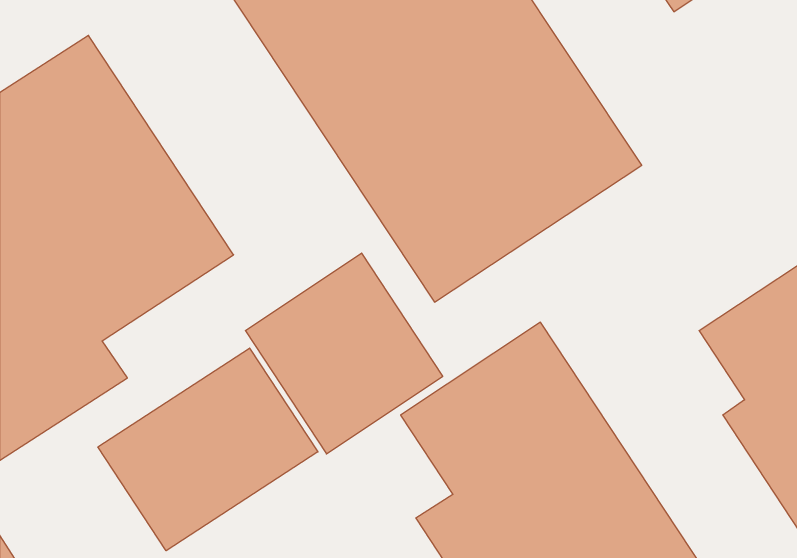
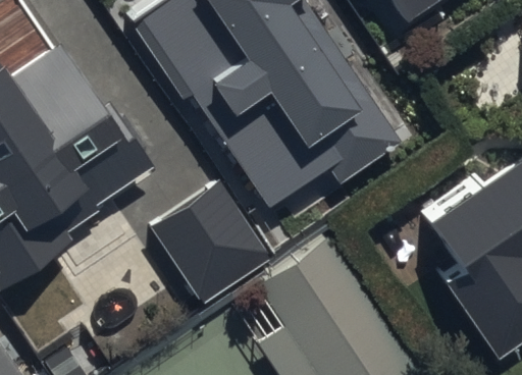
building: [98,348,318,551] -> none

